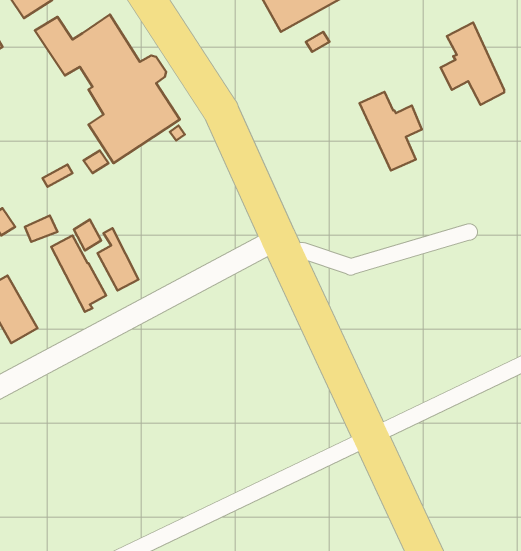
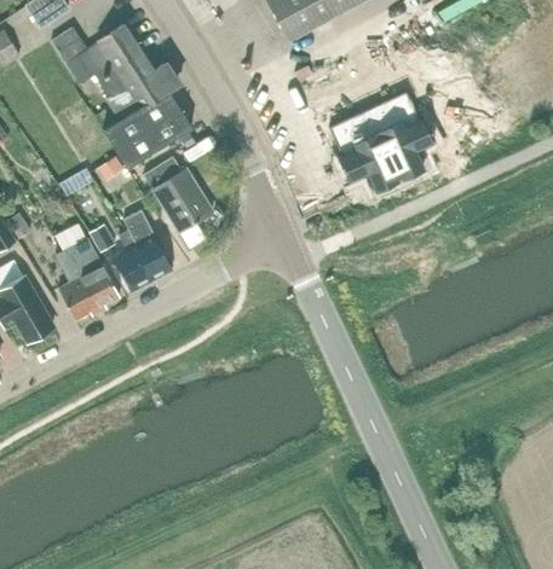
building: [441,22,504,105] -> [335,110,397,190]
building: none -> [144,156,213,248]
building: none -> [123,209,173,280]
building: none -> [57,249,100,320]

